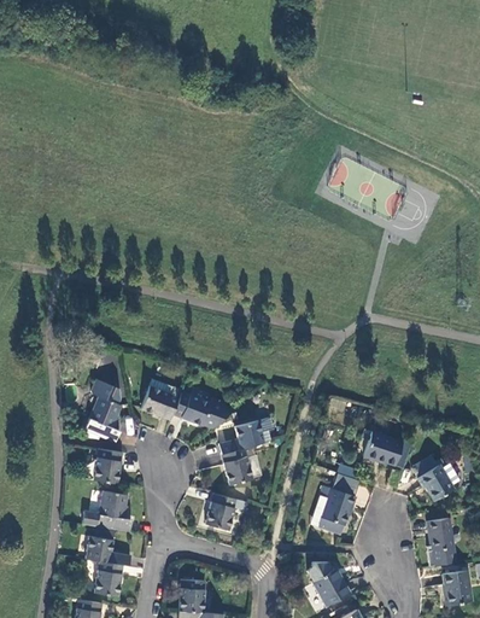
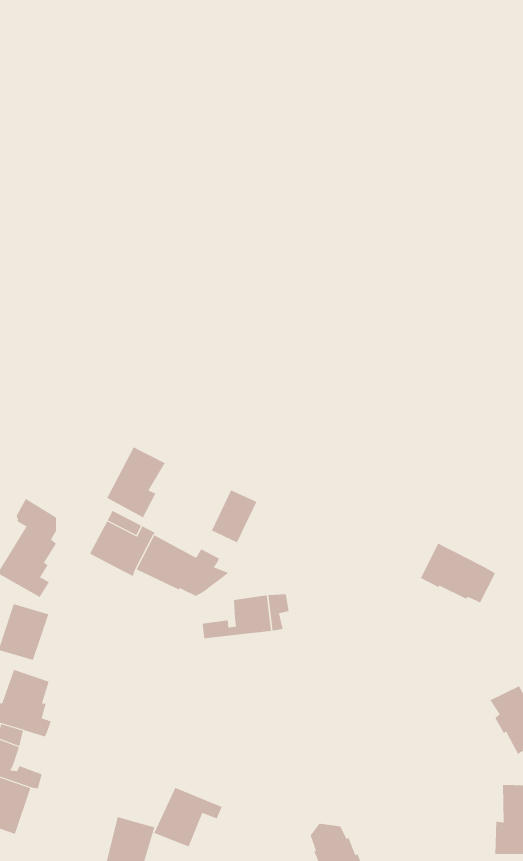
building: none -> [106,446,165,518]
building: none -> [211,489,257,543]
building: [361,432,409,467] -> [420,543,496,603]
building: [222,448,254,484] -> none
building: [310,474,362,536] -> none
building: [206,494,248,531] -> [153,787,223,847]

